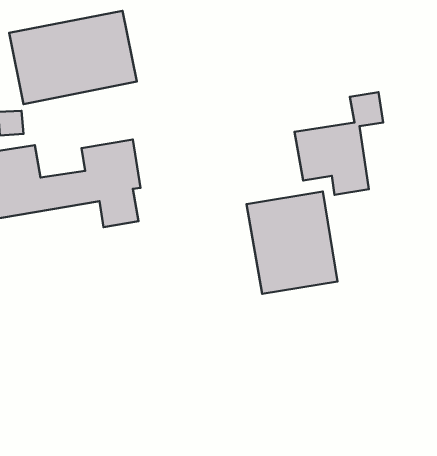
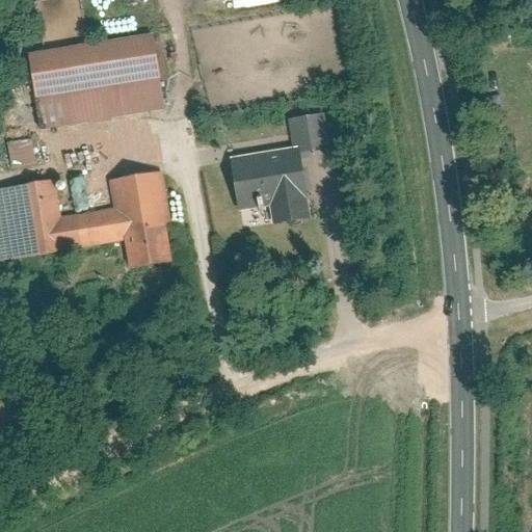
building: [295,92,383,195] -> [229,111,325,223]
building: [246,191,338,294] -> none

